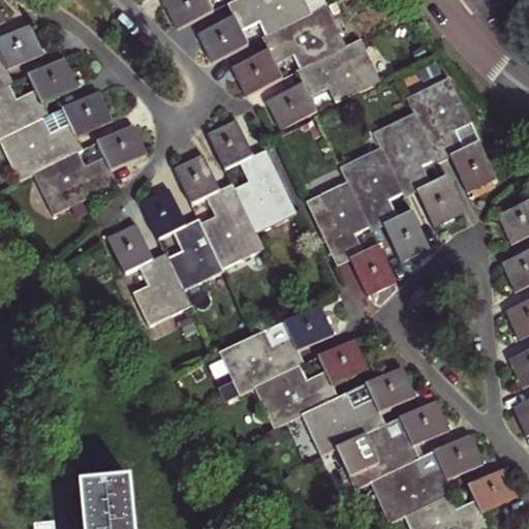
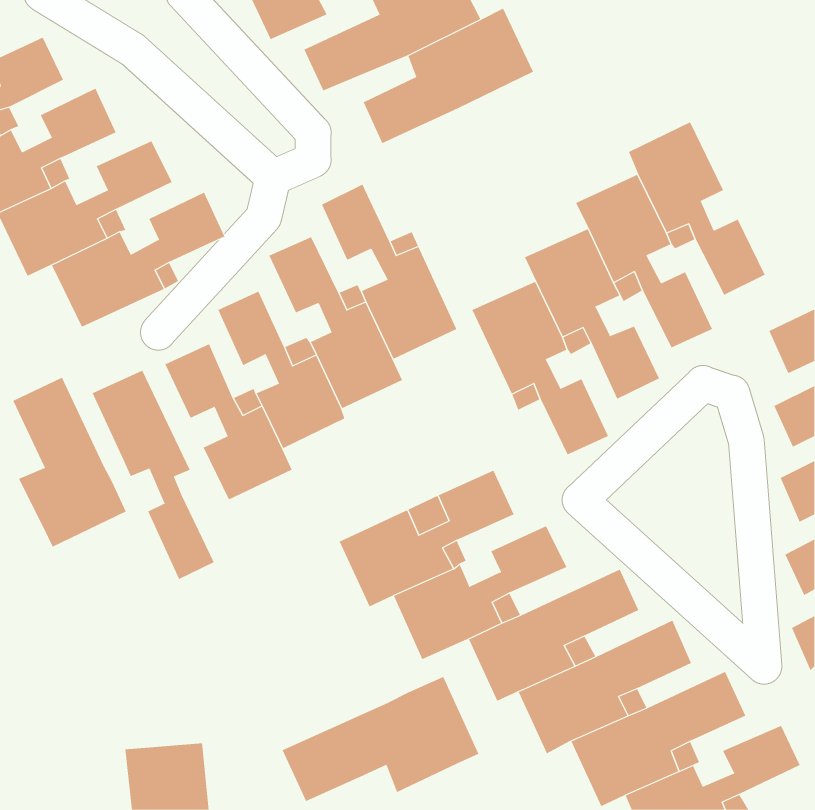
building: [268,39,379,127] -> none
building: none -> [92,370,215,580]
building: none -> [13,377,126,547]
building: none -> [282,676,479,802]

